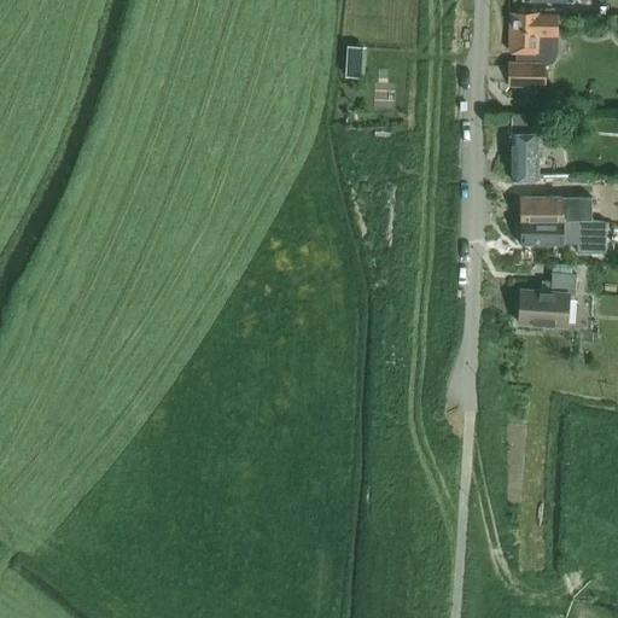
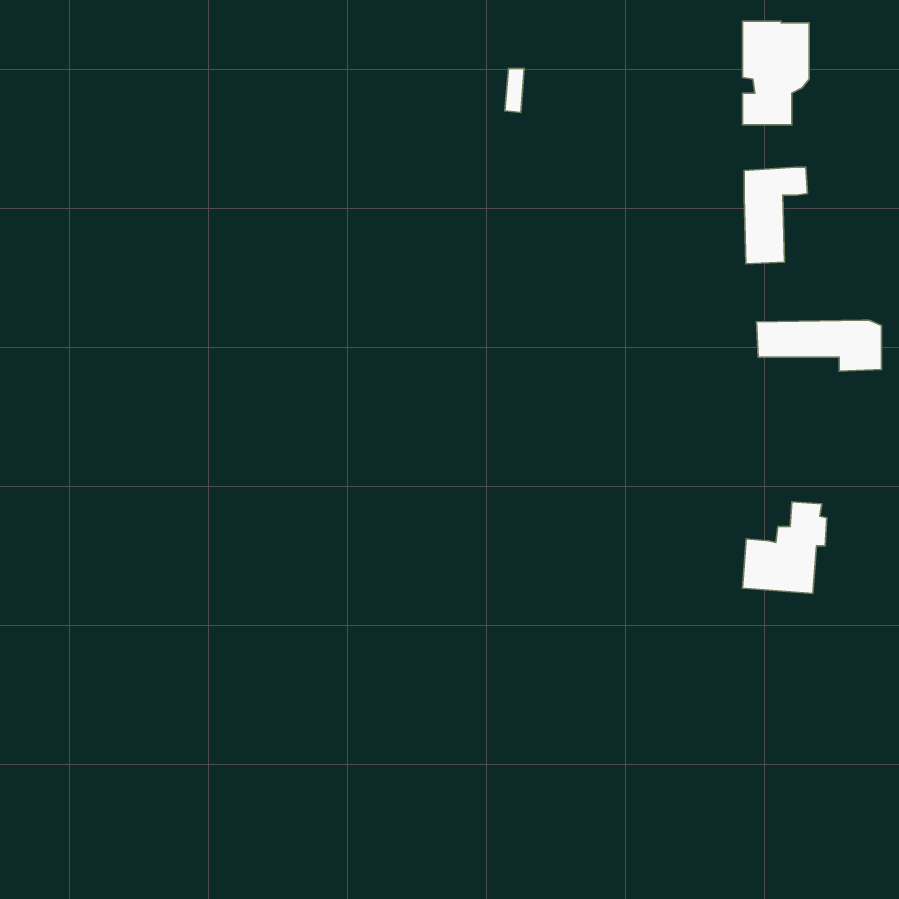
building: [519,197,591,221] -> none
building: [518,264,576,327] -> [743,502,827,593]

